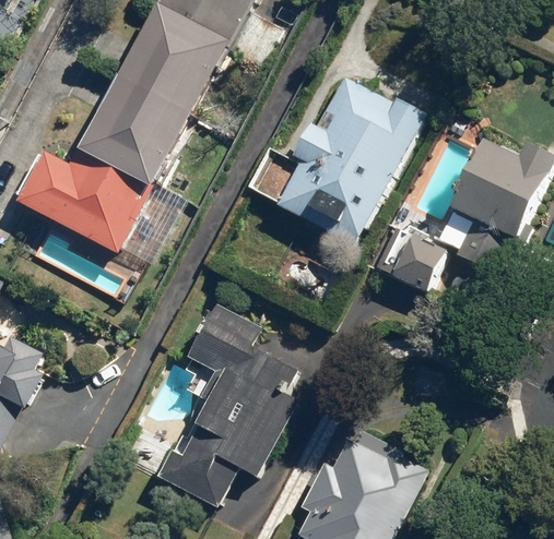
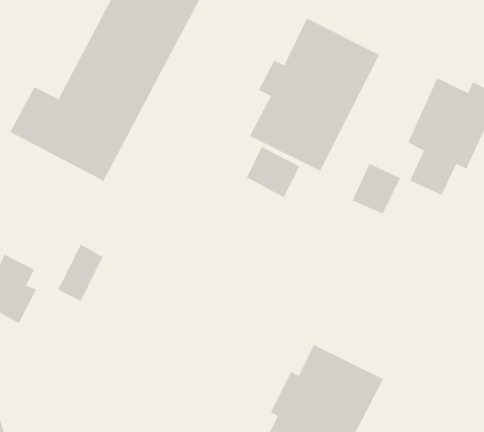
building: none -> [246,146,301,198]
building: [158,301,297,507] -> none
building: none -> [57,243,104,302]

